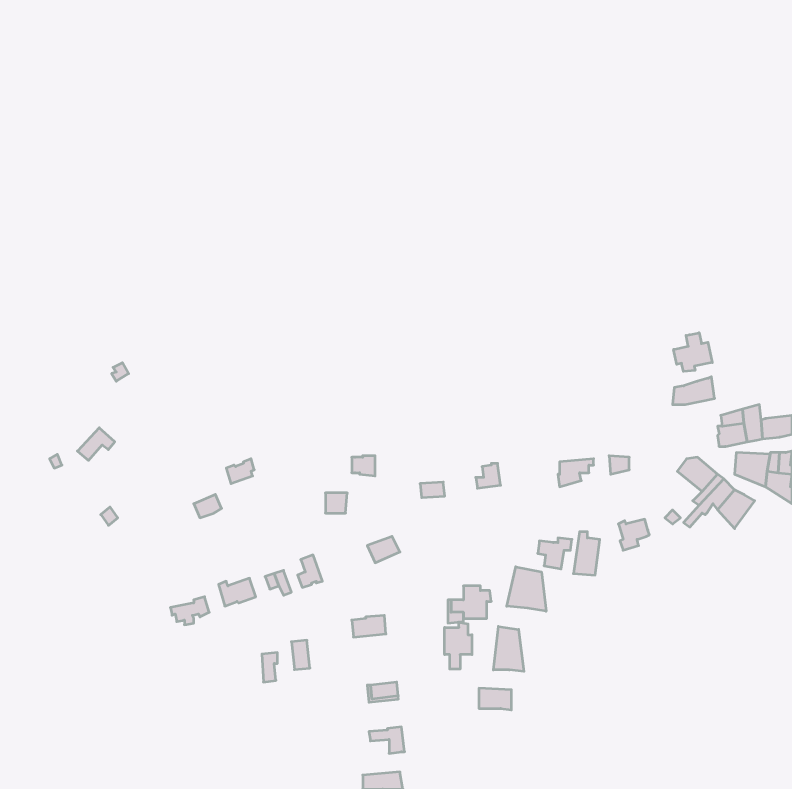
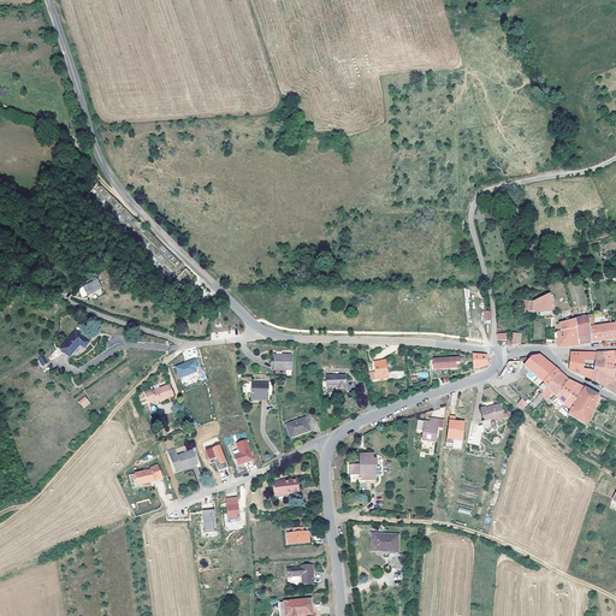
building: [674,333,712,371] -> none
building: none -> [568,389,600,425]
building: [507,567,546,611] -> none
building: [445,622,472,669] -> none
building: [493,626,524,671] -> none

